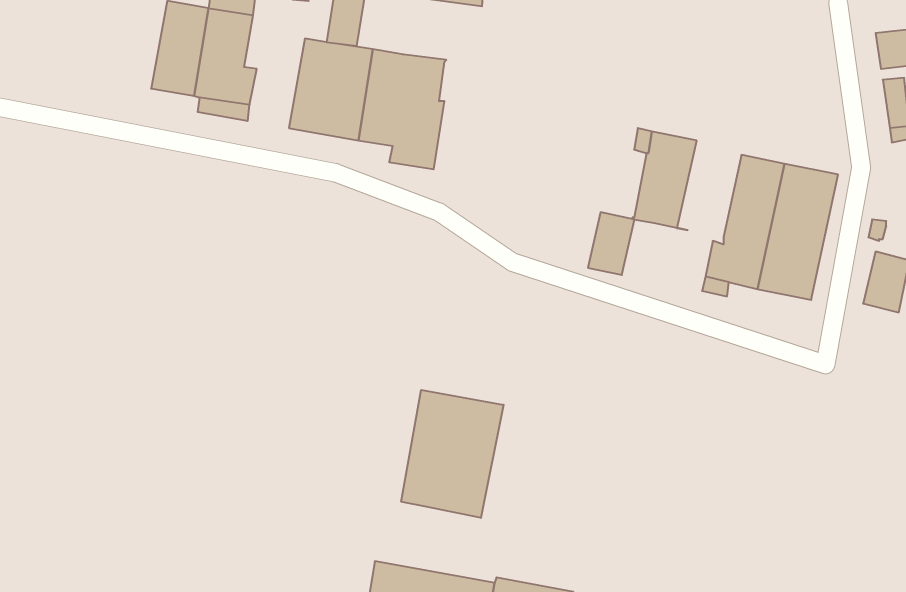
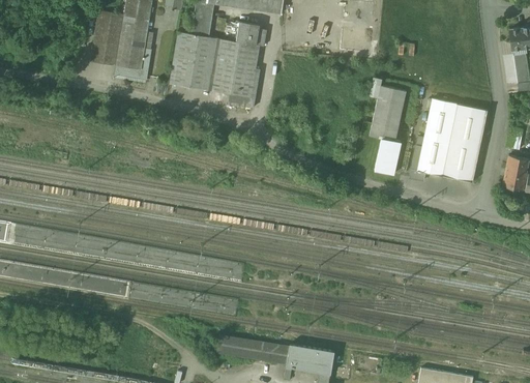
building: none -> [236,24,266,46]
building: [588,212,634,275] -> [374,138,401,174]
building: [401,390,504,518] -> none

